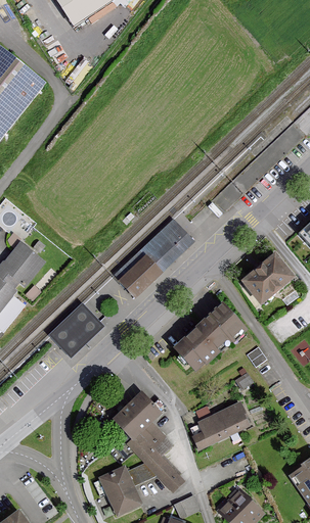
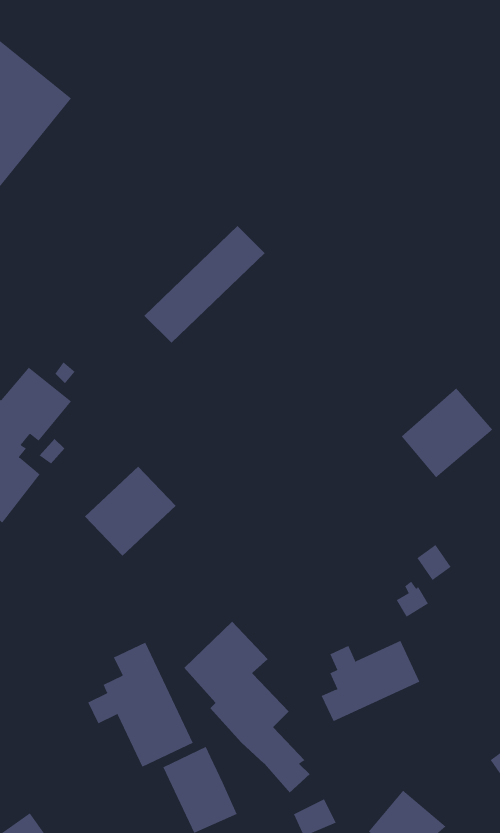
building: [122,222,193,291] -> [144,225,265,344]
building: [170,303,242,373] -> none
building: none -> [88,642,193,768]
building: [127,462,158,485] -> none

